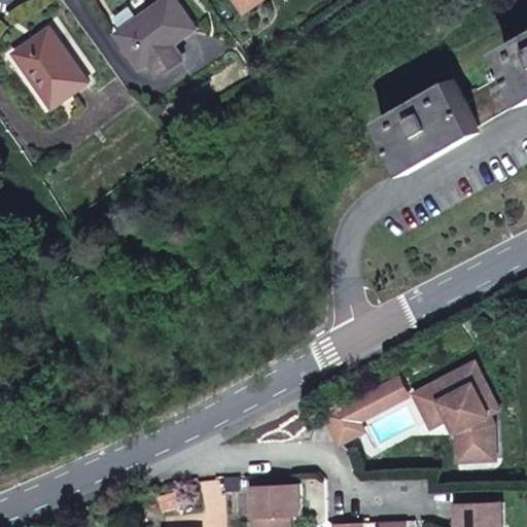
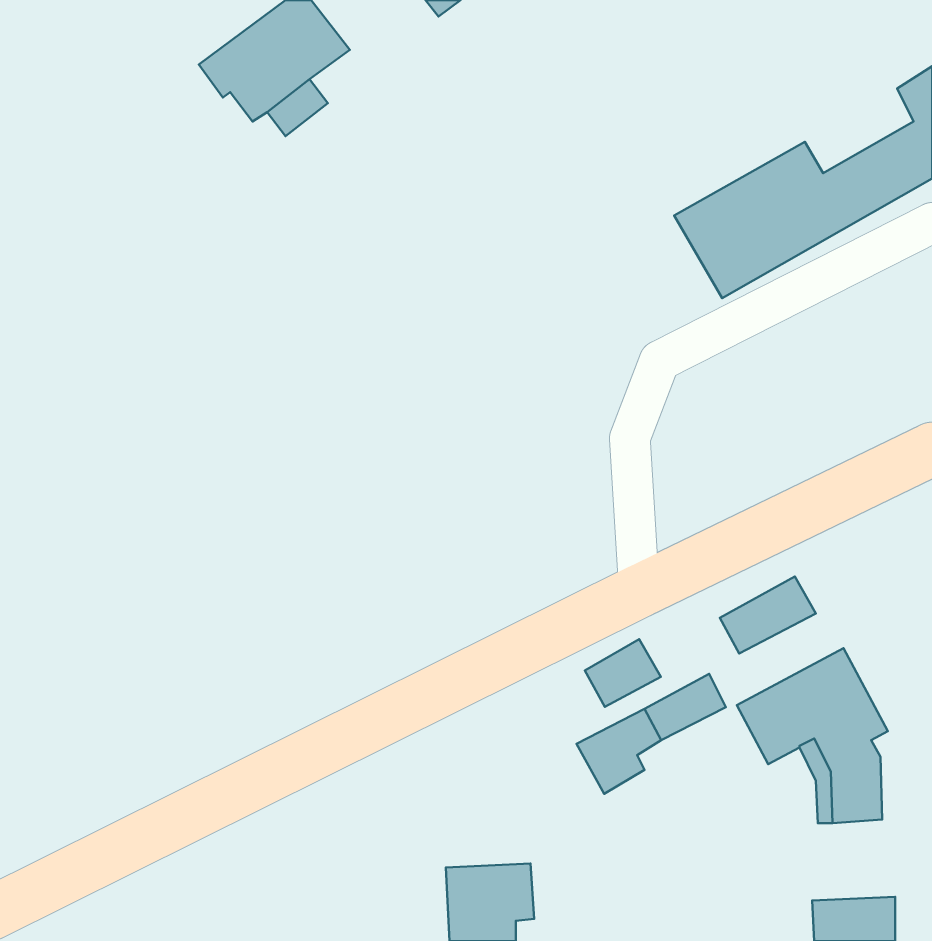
building: [12,28,87,107] -> none
building: none -> [720,577,816,653]
building: none -> [585,639,661,707]

